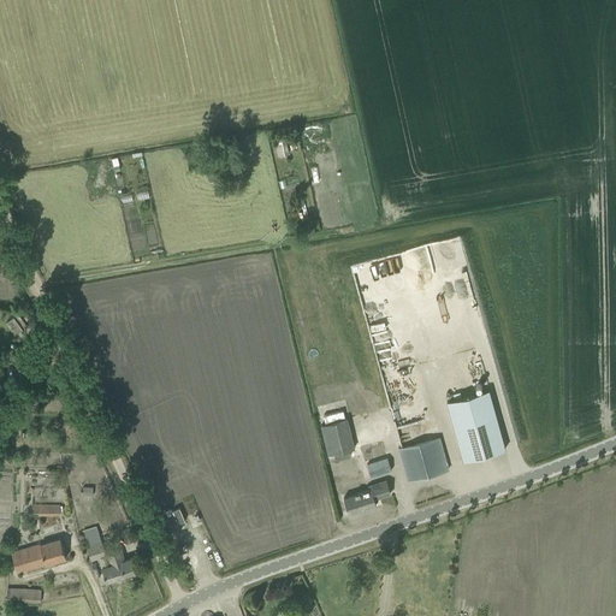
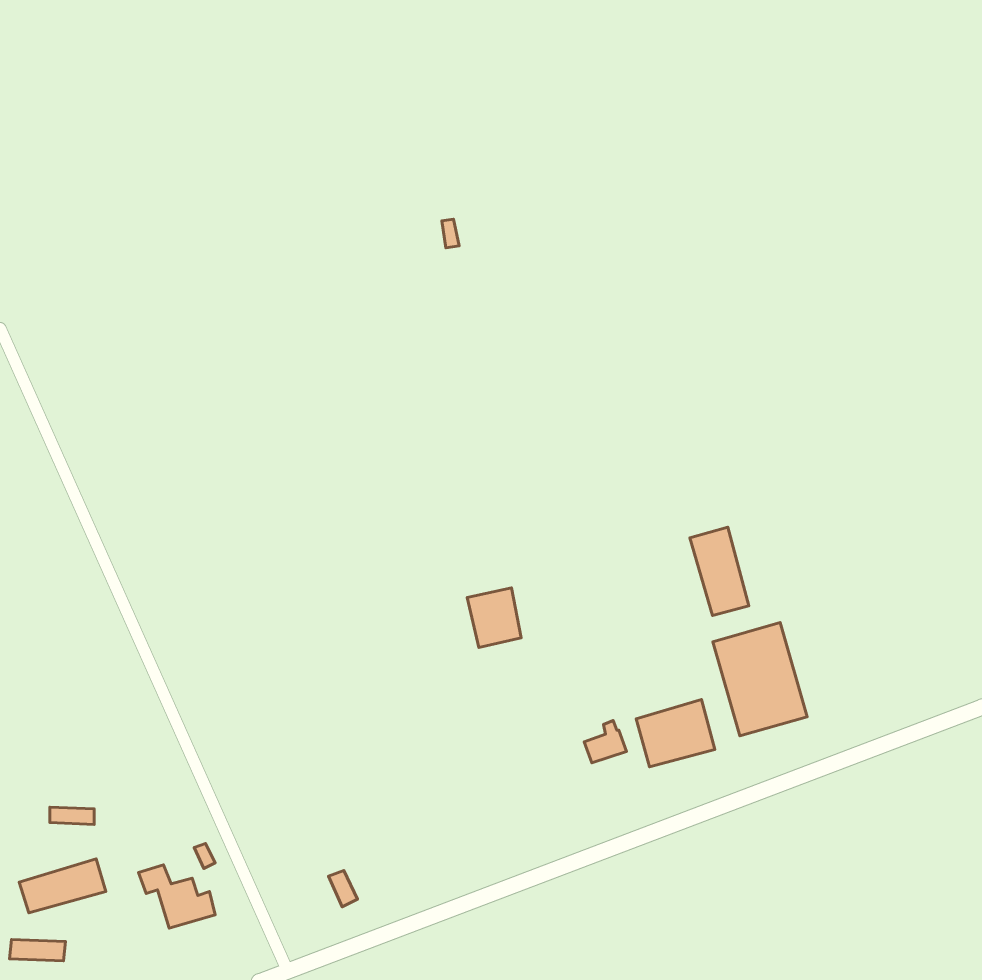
building: none -> [690,527,749,616]
building: [324,417,357,455] -> [467,588,521,647]
building: [343,481,390,514] -> none

